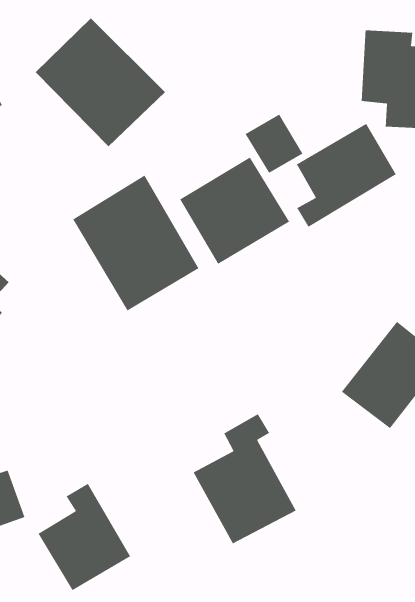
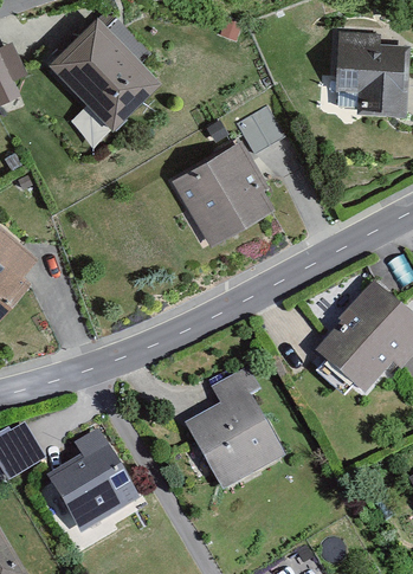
building: [296,123,397,228] -> none
building: [72,175,199,312] -> none

